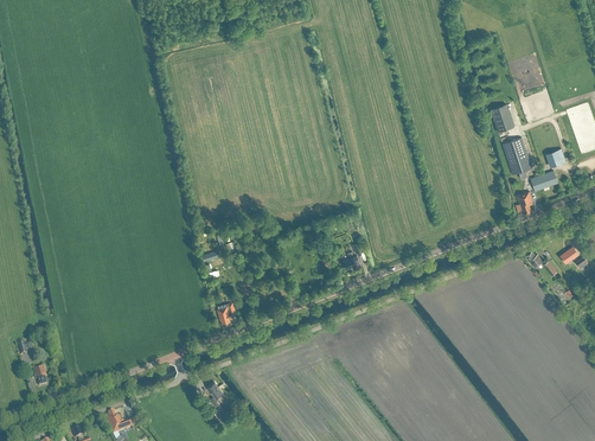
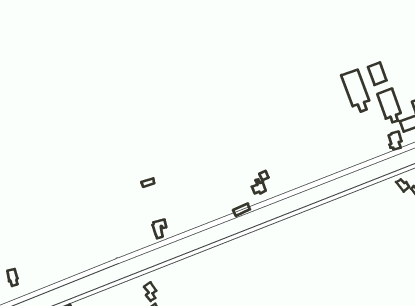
building: none -> [341,70,369,112]

